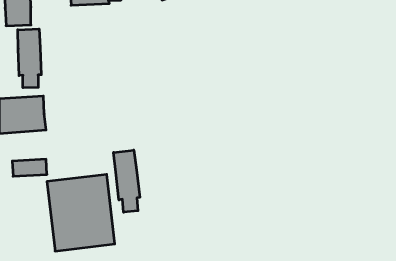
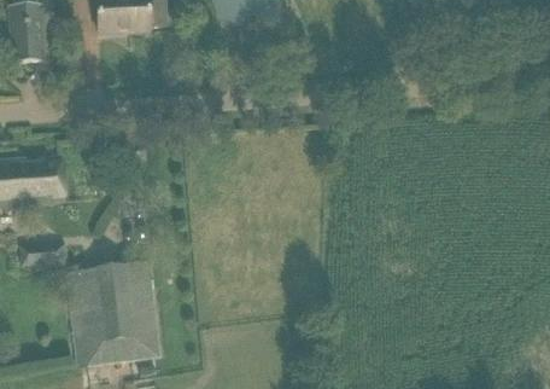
building: [18,29,41,88] -> none
building: [114,150,140,212] -> none

